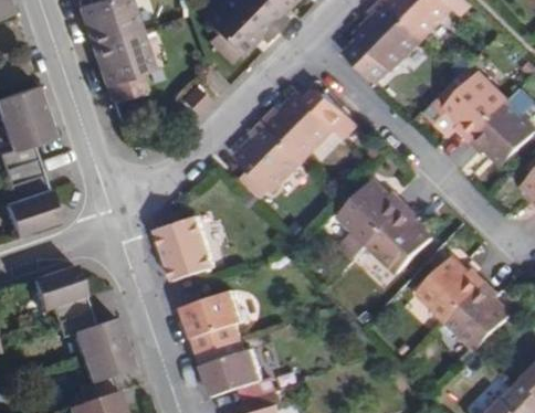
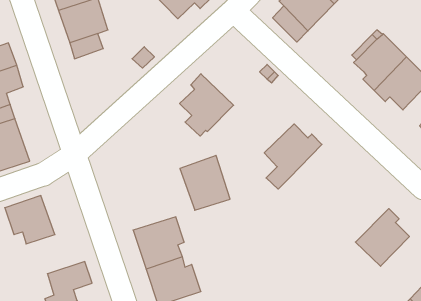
building: [263,93,334,158] -> none
building: [368,204,431,272] -> none
building: [156,214,216,279] -> [180,155,230,210]
building: [417,256,486,320] -> none
building: [55,311,125,358] -> none

